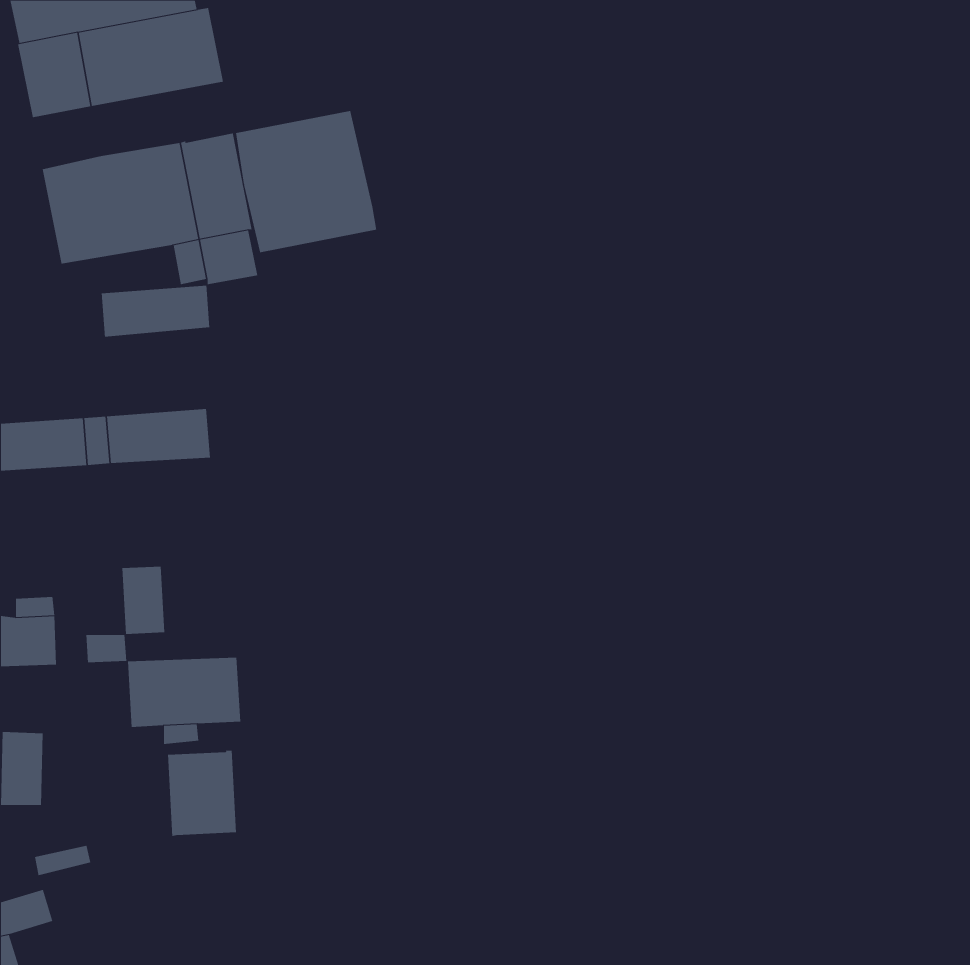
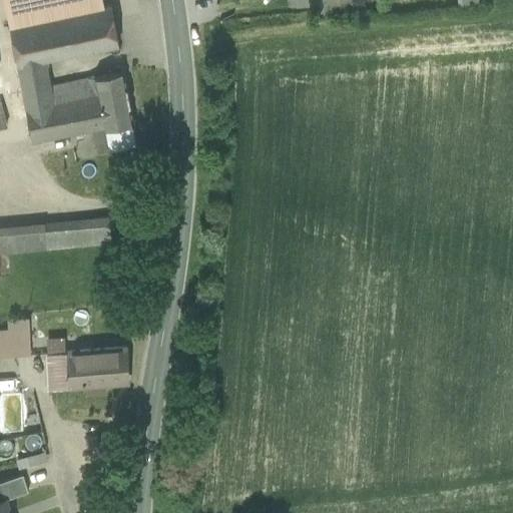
building: none -> [17,59,53,92]
building: [236,110,377,253] -> none
building: [101,285,210,338] -> none
building: [121,566,165,634] -> [46,352,69,388]
building: [168,750,237,837] -> none

